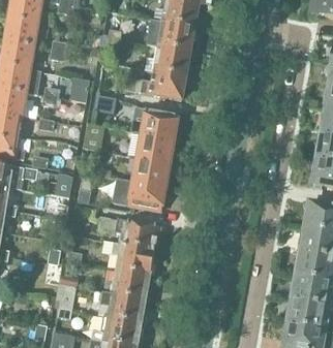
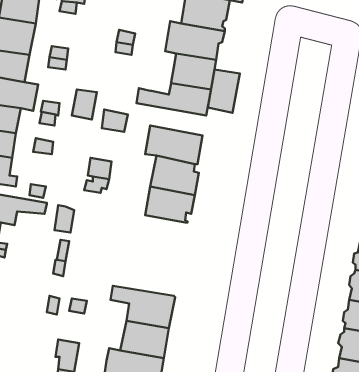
building: none -> [208,70,240,113]
building: [113,180,165,211] -> none
building: [98,216,158,249] -> none

